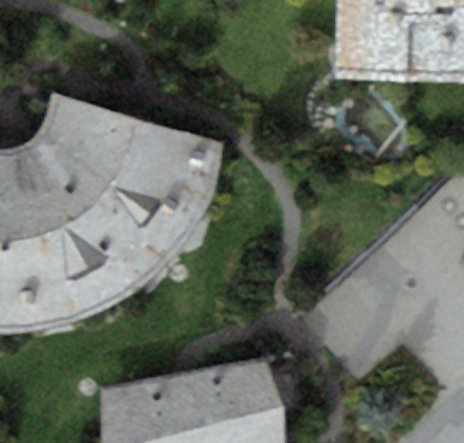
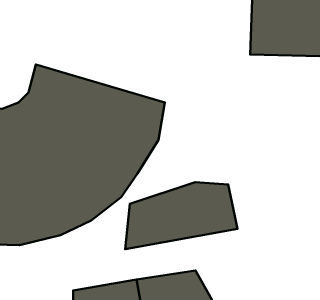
building: none -> [125,182,238,249]

